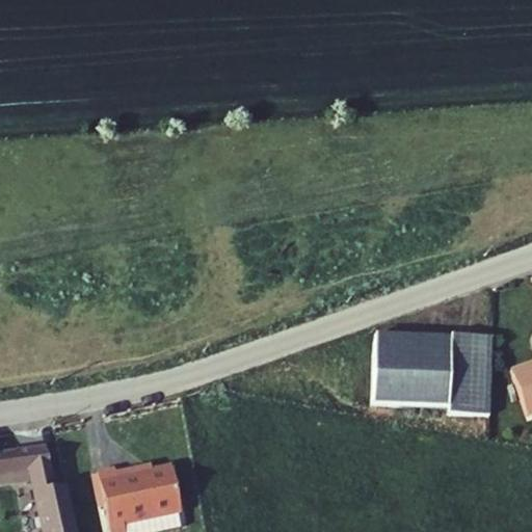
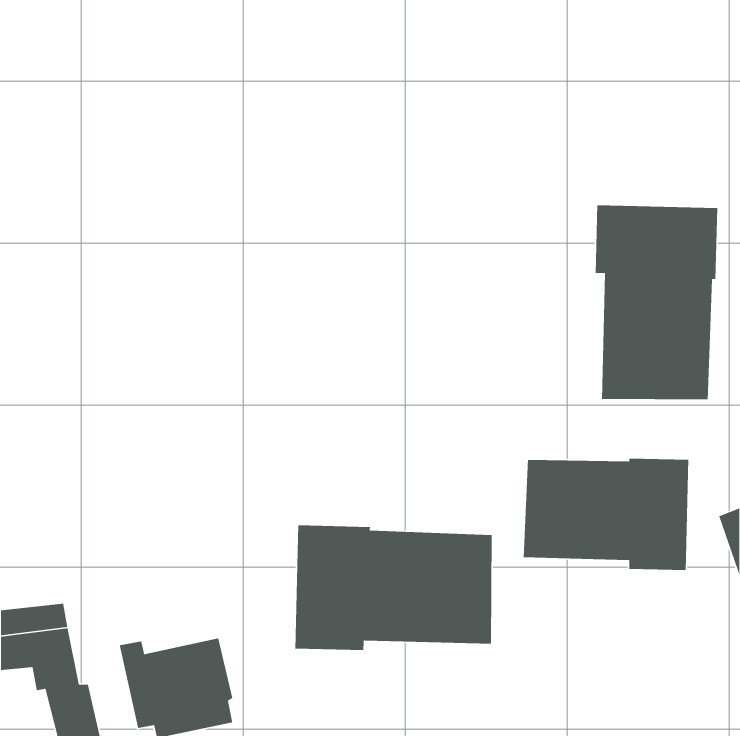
building: none -> [595,204,718,400]
building: none -> [294,525,492,651]

